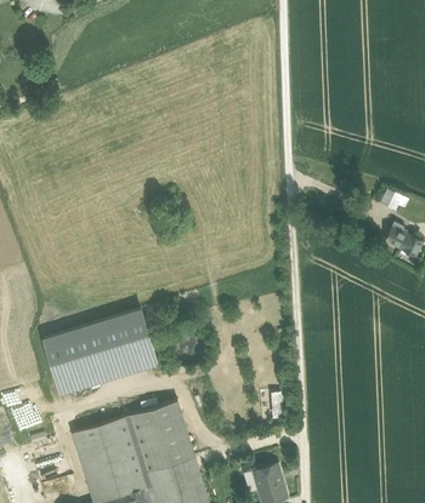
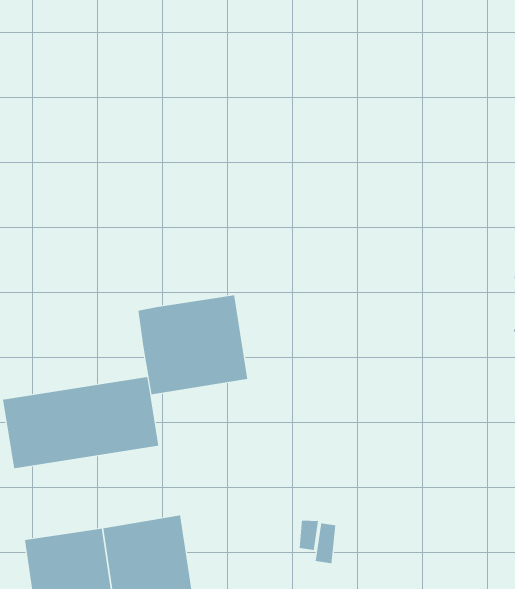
building: none -> [138,294,248,395]

